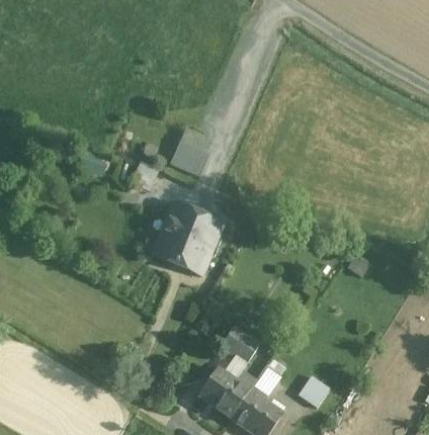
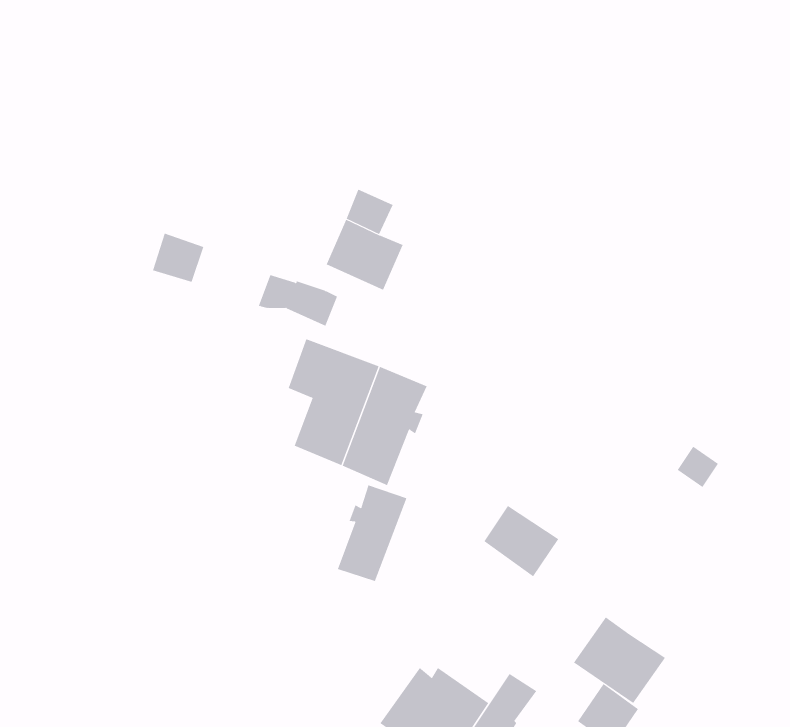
building: none -> [337,484,407,582]
building: [222,327,260,363] -> [483,505,559,577]
building: none -> [573,616,666,704]

